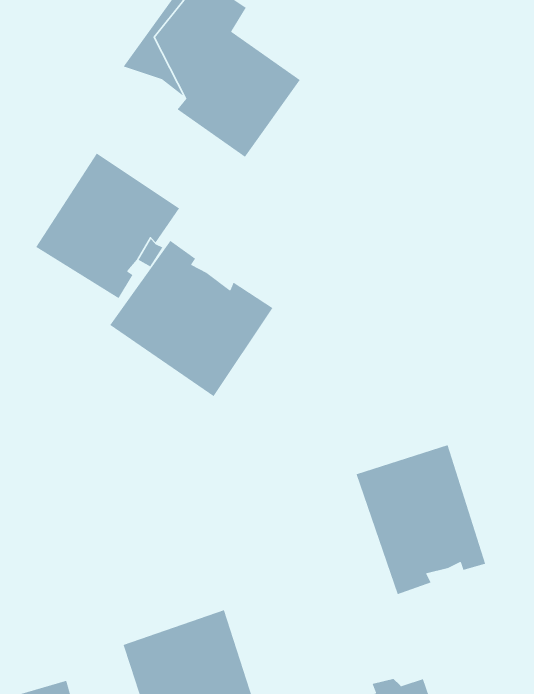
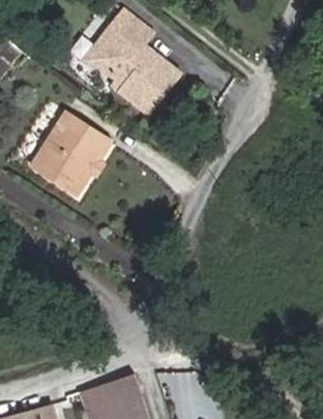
building: [109,240,273,397] -> none
building: [356,444,486,595] -> none

